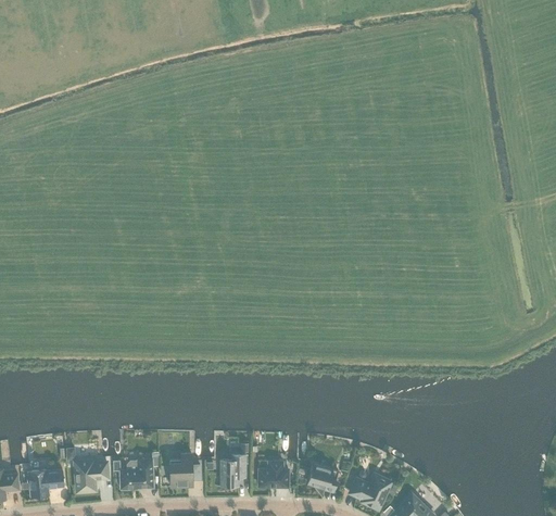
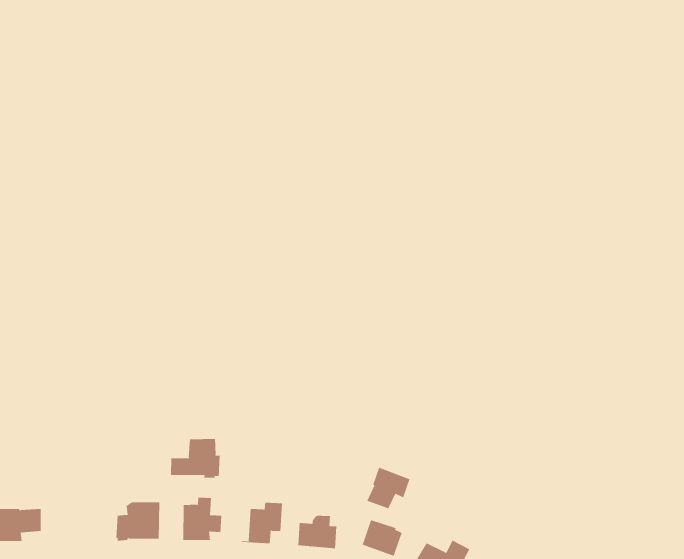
building: none -> [171,438,220,479]
building: none -> [367,467,410,509]
building: [73,461,106,492] -> none

